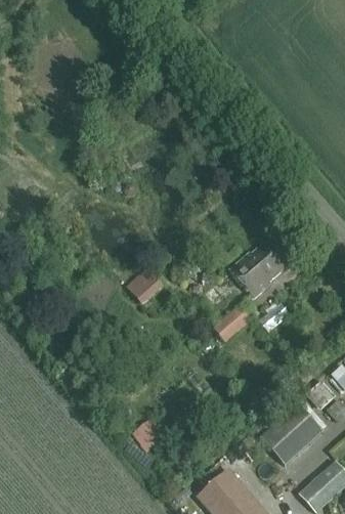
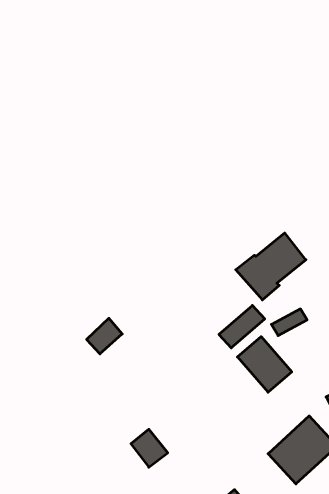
building: [131,271,164,304] -> [87,318,122,354]
building: none -> [237,337,292,392]

